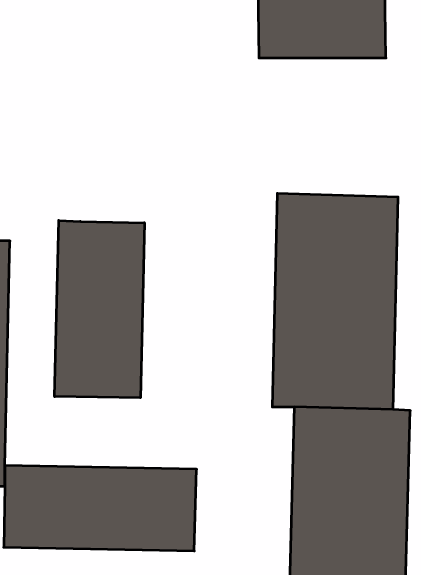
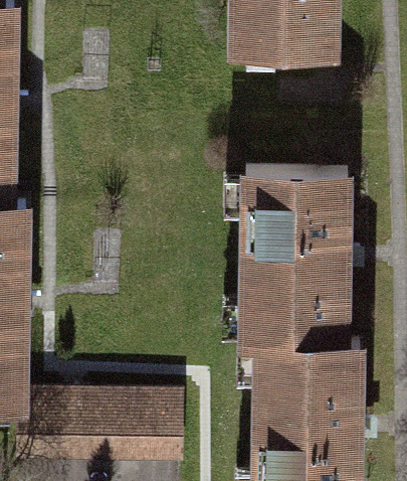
building: [55,220,144,398] -> none

